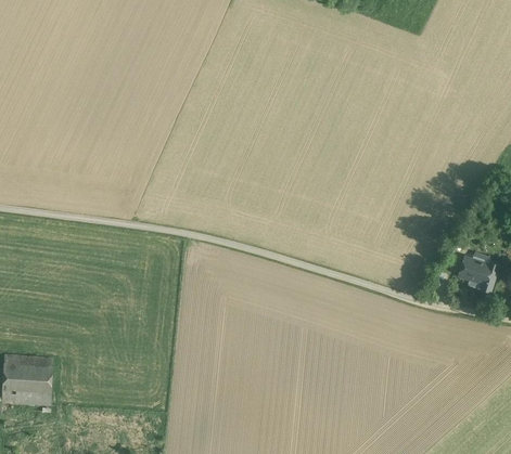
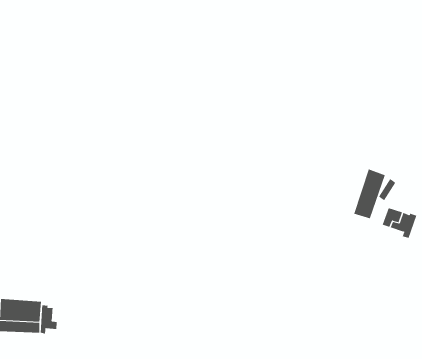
building: none -> [353,169,386,219]
building: none -> [40,305,57,334]

